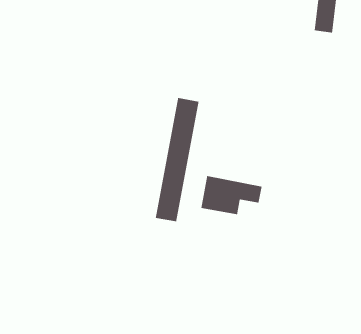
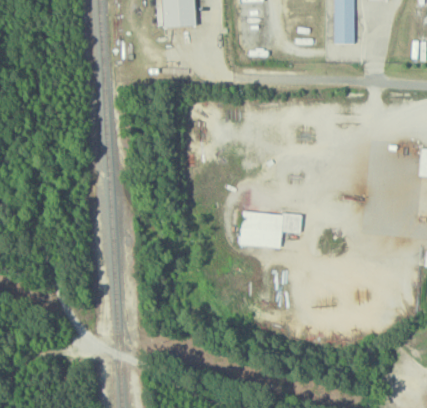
building: [155,97,199,222] -> none

